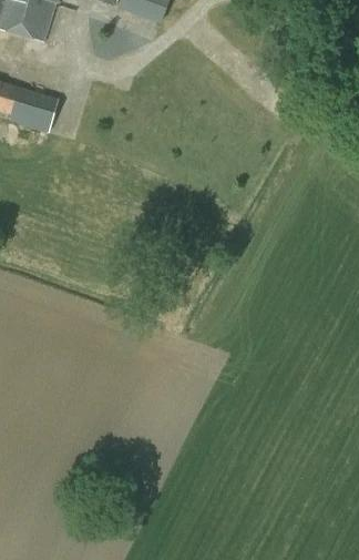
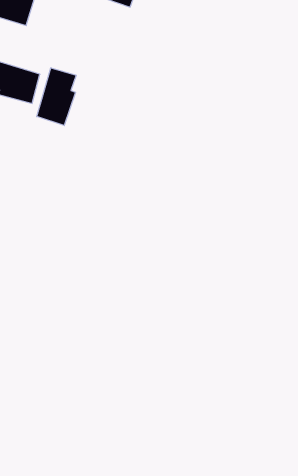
building: none -> [37,68,76,126]

